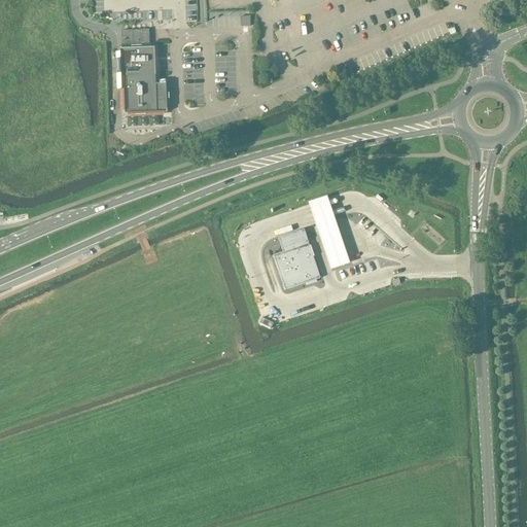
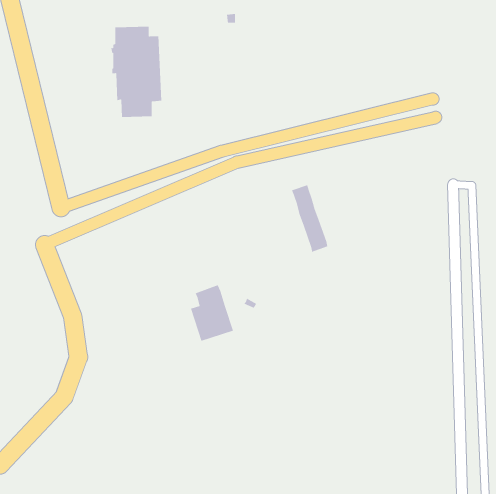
building: [273,227,319,288] -> [190,284,234,342]

